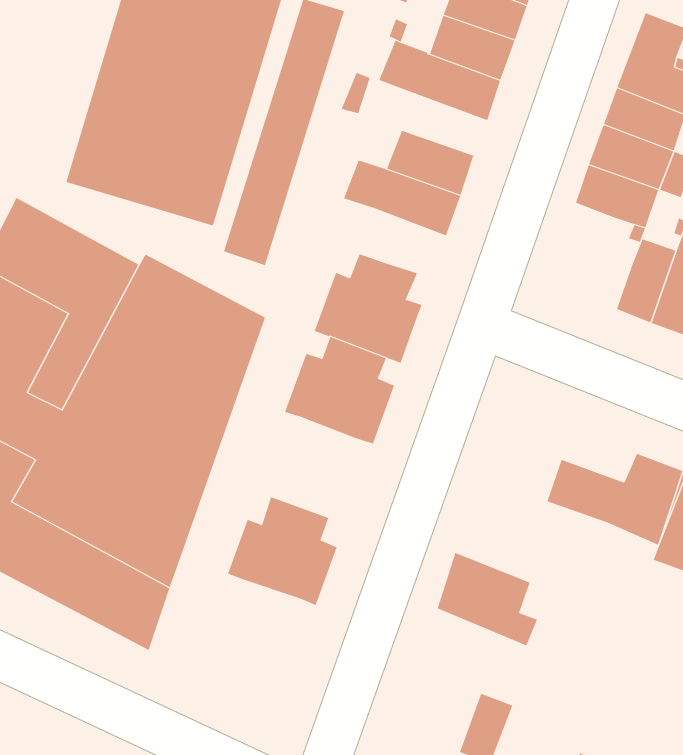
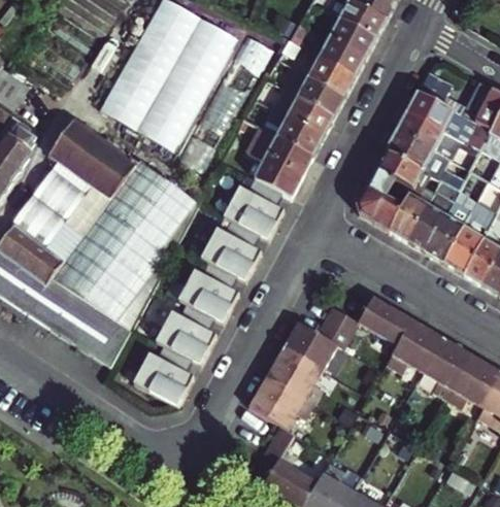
building: none -> [288,94,335,132]
building: none -> [356,166,400,227]
building: none -> [255,153,303,195]
building: none -> [179,259,240,319]
building: none -> [281,317,352,367]
building: none -> [134,341,195,405]
building: none -> [251,373,312,424]

